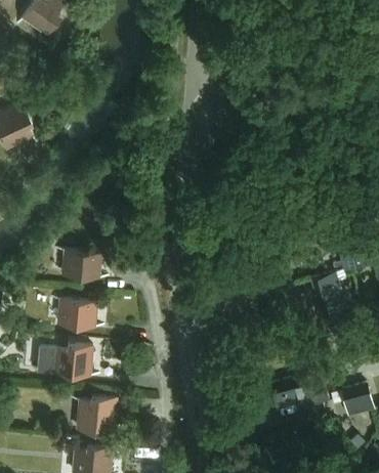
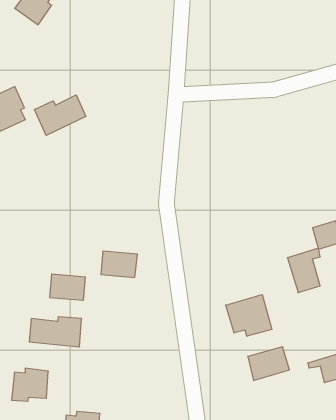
building: none -> [35,95,86,135]
building: [62,251,101,278] -> [101,251,138,277]
building: none -> [226,295,272,336]
building: [77,396,116,431] -> [12,368,48,401]

